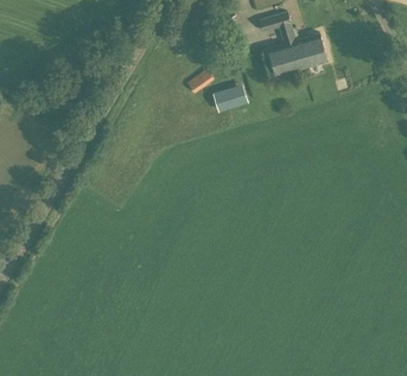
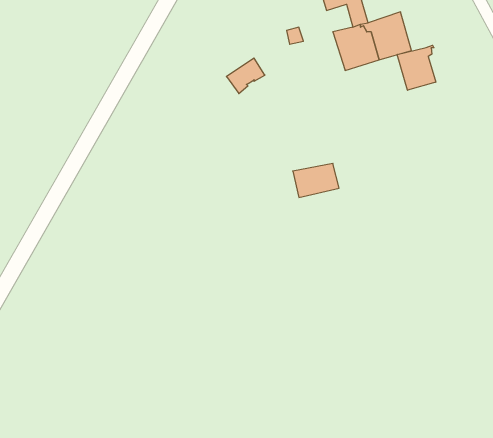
building: none -> [397,45,436,90]
building: [211,84,247,110] -> [293,163,339,197]

